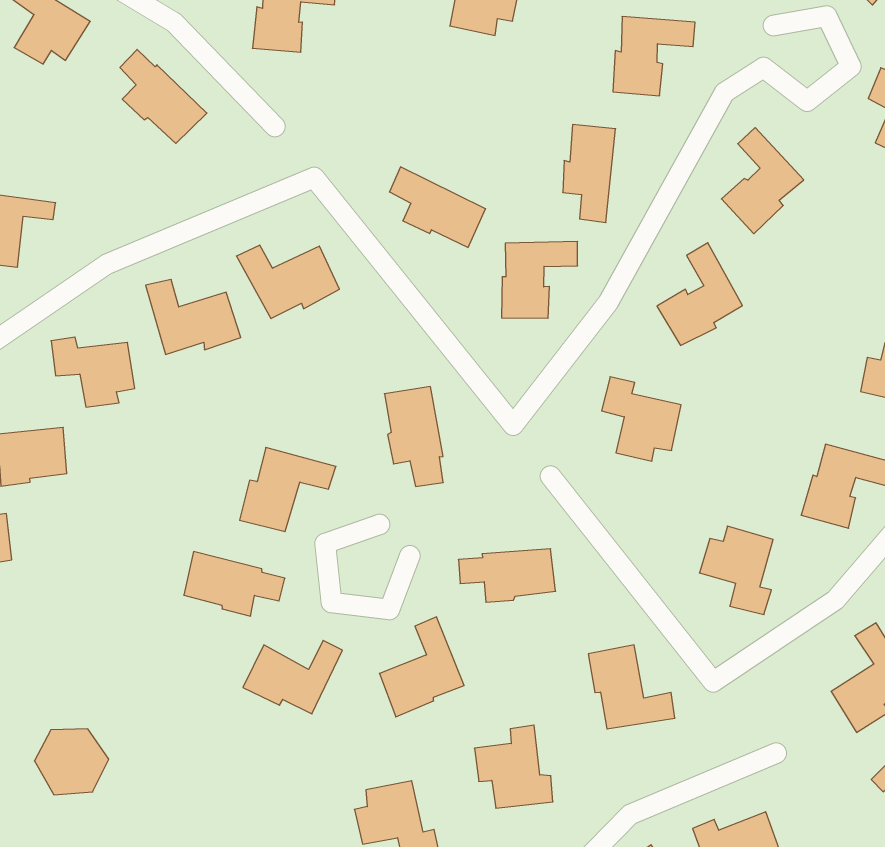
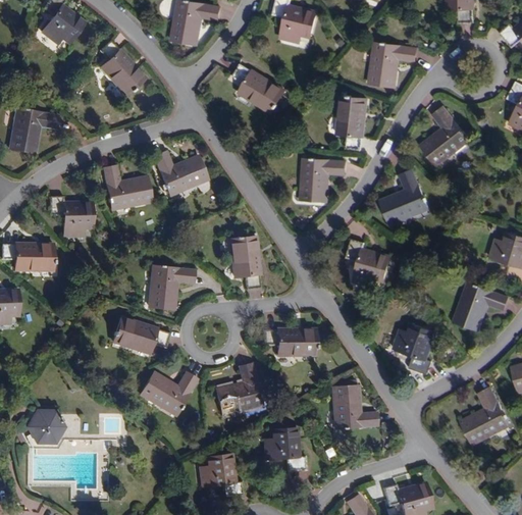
building: [389,167,486,247] -> [233,65,285,112]

